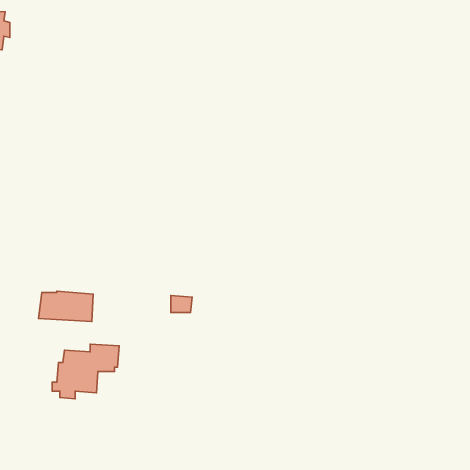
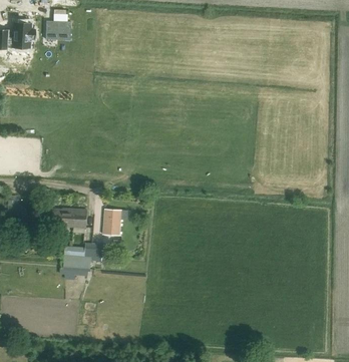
building: none -> [44,21,69,40]
building: none -> [102,210,126,235]

